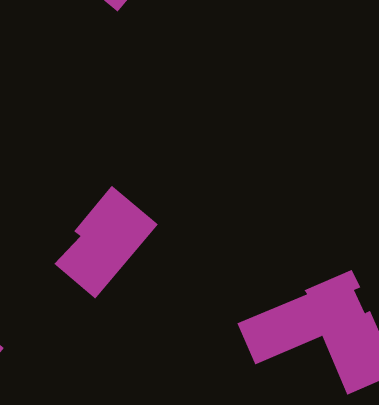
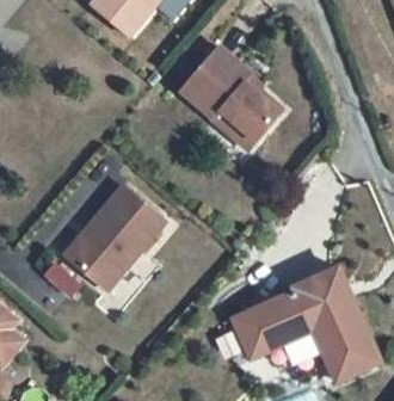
building: none -> [181,49,281,138]

